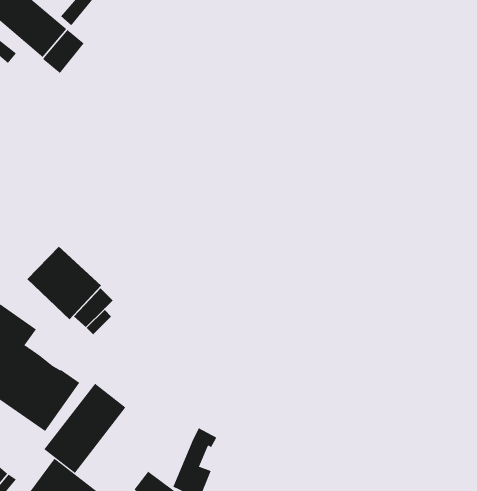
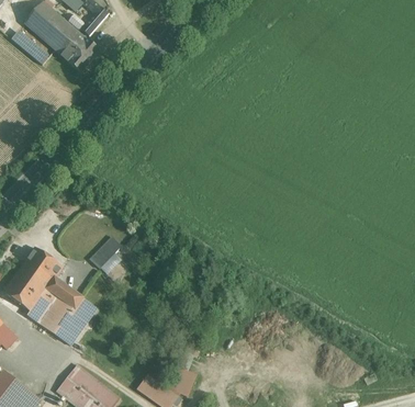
building: [27,246,102,320] -> none
building: [44,383,126,474] -> none

